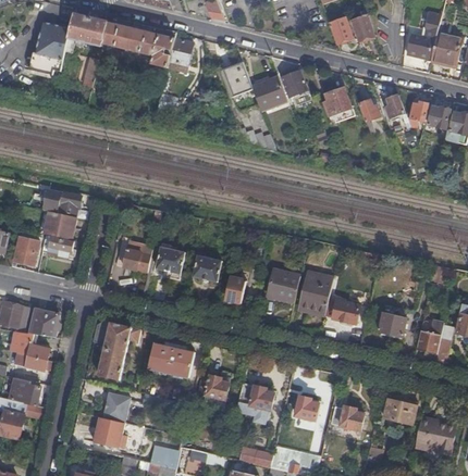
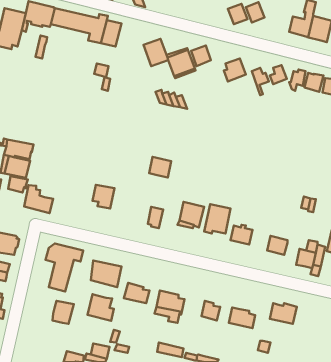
building: [114,236,151,272] -> [24,185,53,213]
building: [193,254,221,280] -> [149,157,171,177]
building: [415,416,455,452] -> none
building: [94,418,127,452] -> [87,294,114,321]

